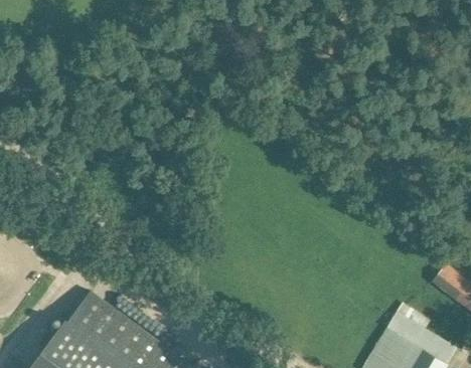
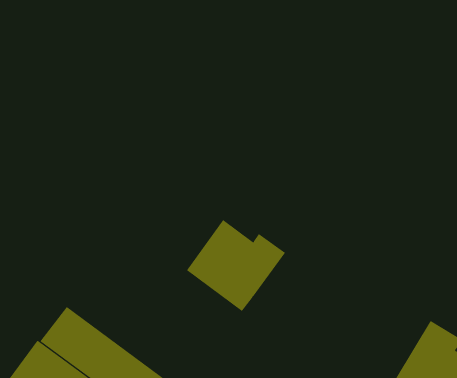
building: none -> [186,219,286,312]

